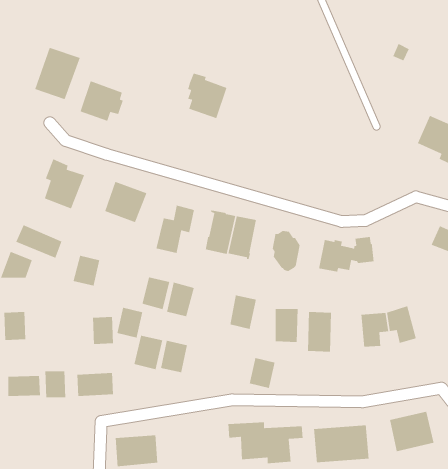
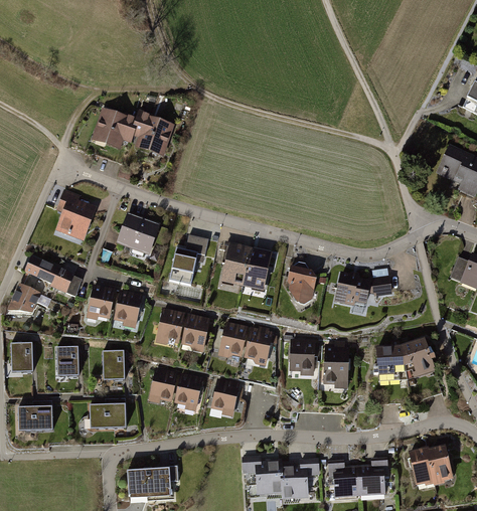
building: [34,47,81,100] -> none
building: [187,73,228,119] -> [133,111,174,158]
building: none -> [217,322,246,357]
building: [117,307,143,338] -> [113,293,140,325]
building: [249,357,275,389] -> [211,381,238,413]
building: [45,371,66,398] -> [58,347,81,375]

